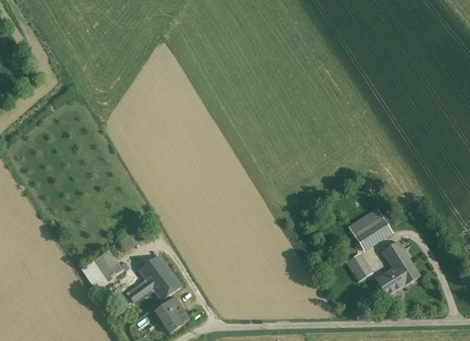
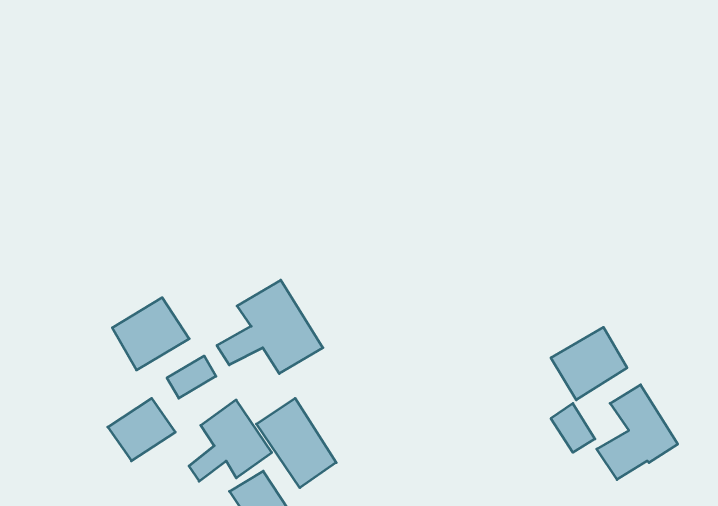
building: none -> [217,280,323,374]
building: none -> [112,298,189,370]
building: none -> [256,398,336,488]

